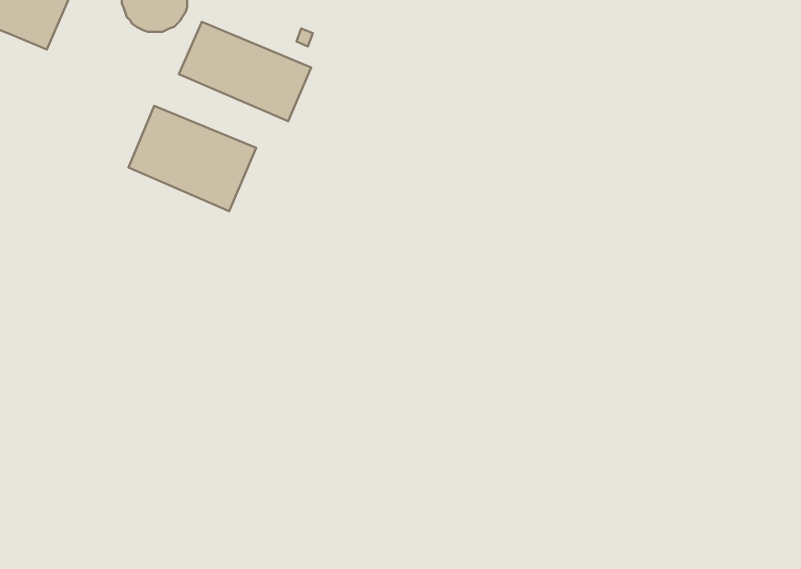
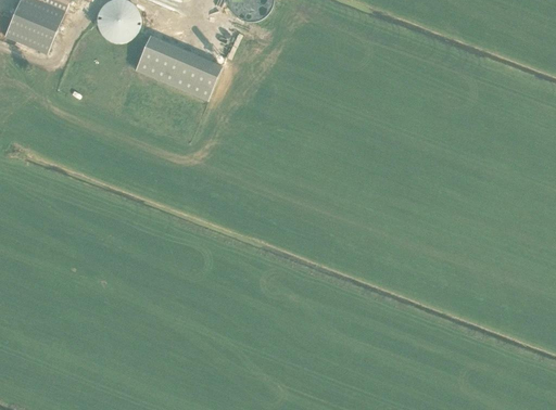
building: [129,106,256,211] -> none

